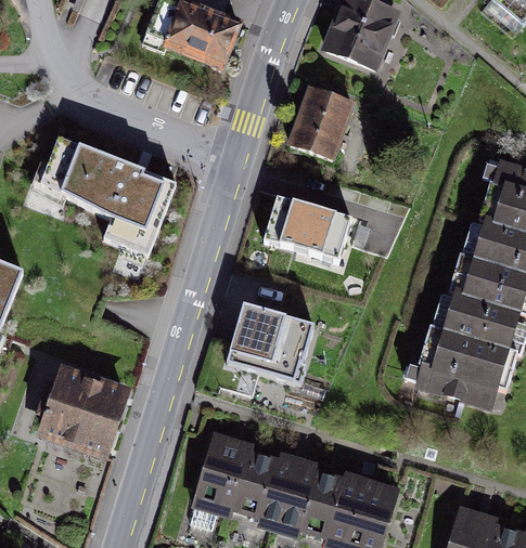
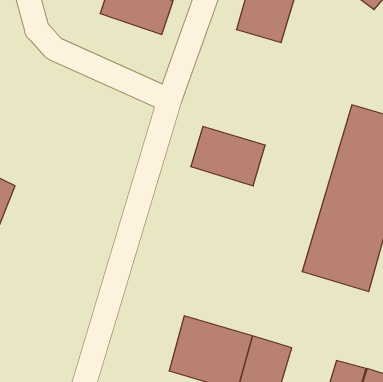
building: [287,81,359,161] -> none
building: [41,134,177,252] -> none
building: [226,303,315,384] -> none
building: [42,368,129,448] -> none
building: [190,433,253,520] -> none

